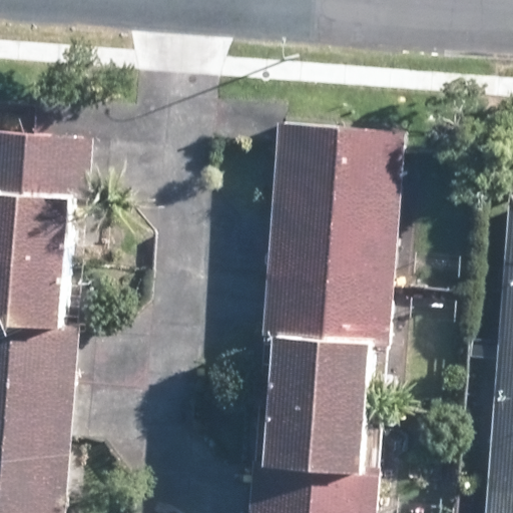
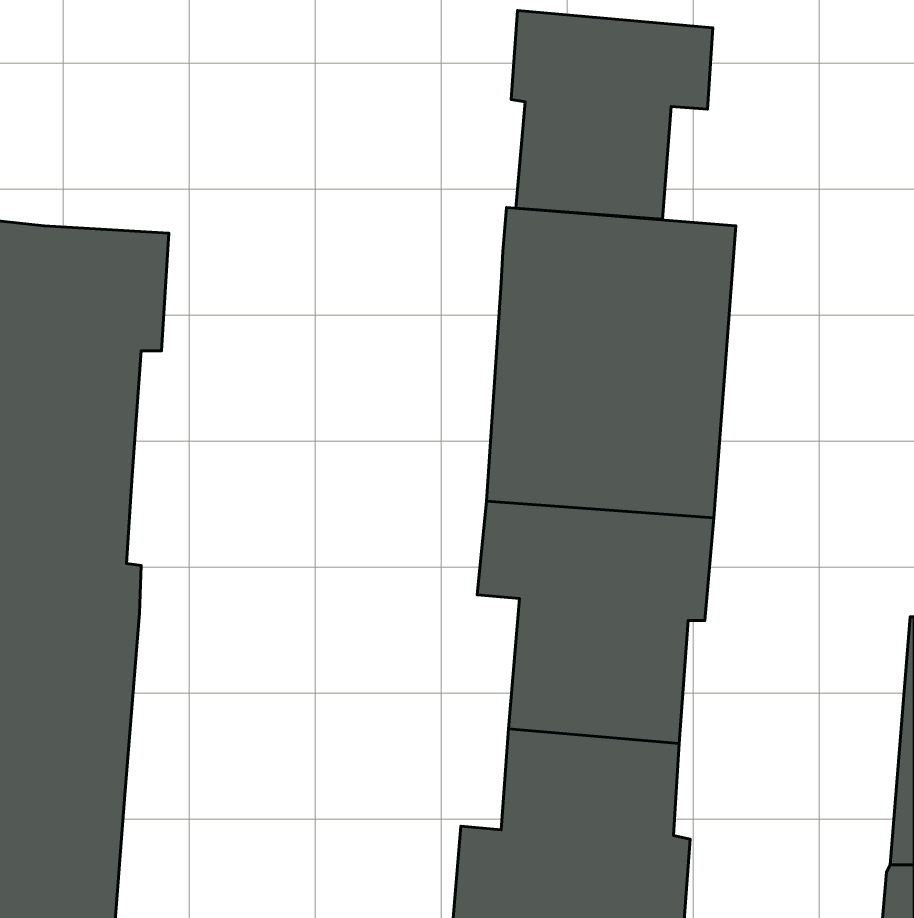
building: none -> [511,11,713,219]

